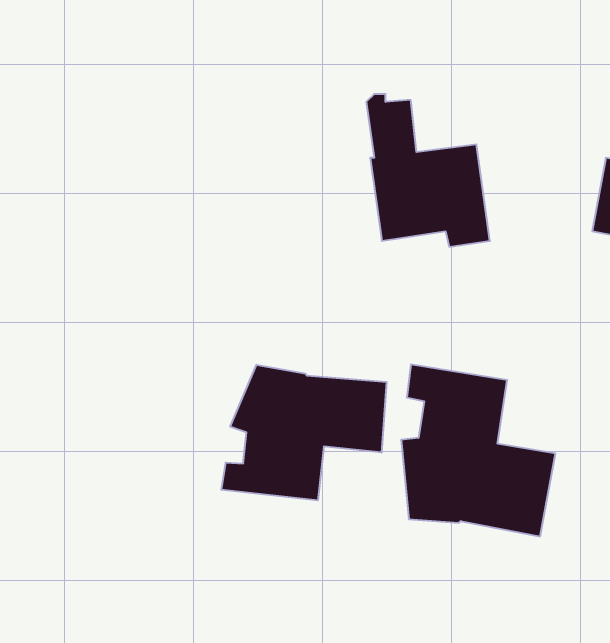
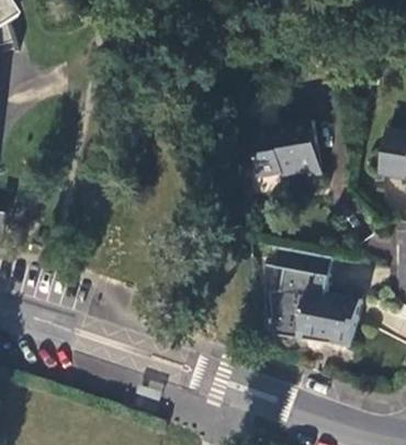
building: [222,365,387,500] -> none

